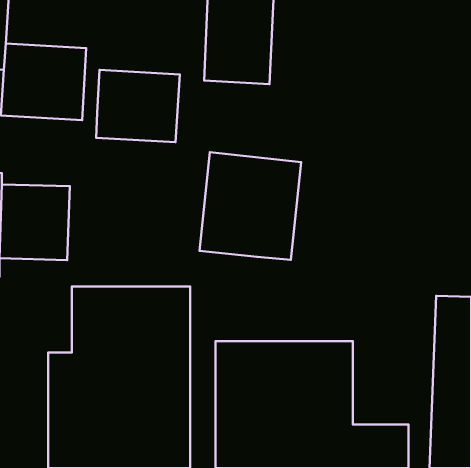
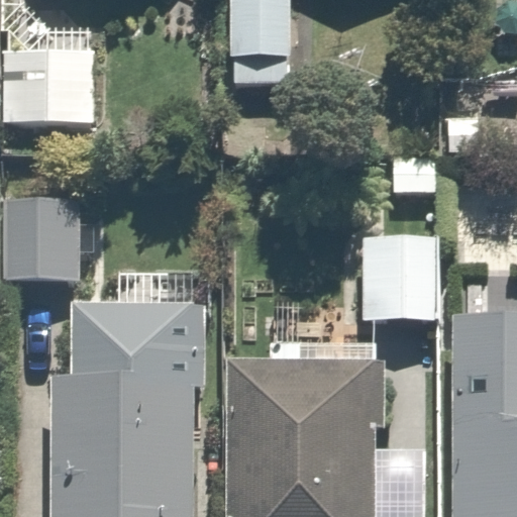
building: [96,70,180,142] -> none
building: [200,152,301,260] -> none
building: none -> [354,229,438,324]

